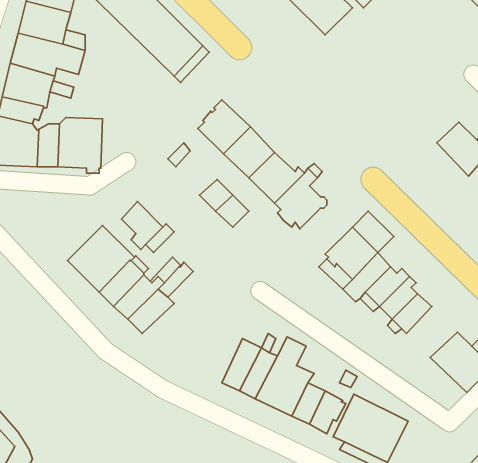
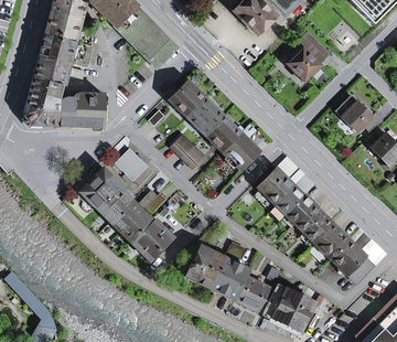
building: none -> [287,32,330,81]
building: none -> [131,218,173,260]
building: none -> [314,223,350,258]

